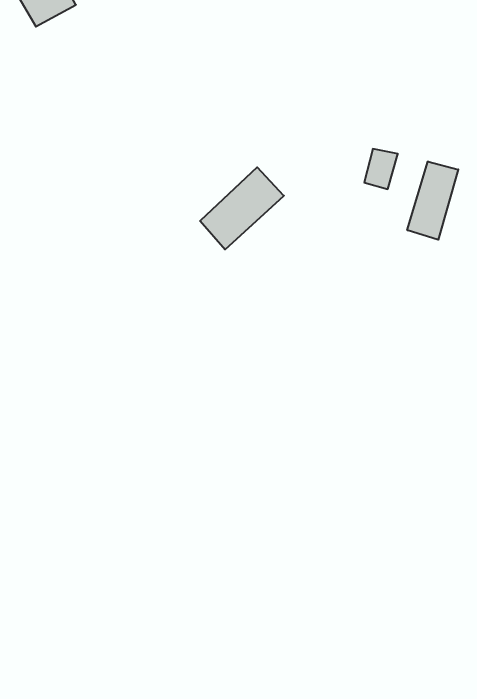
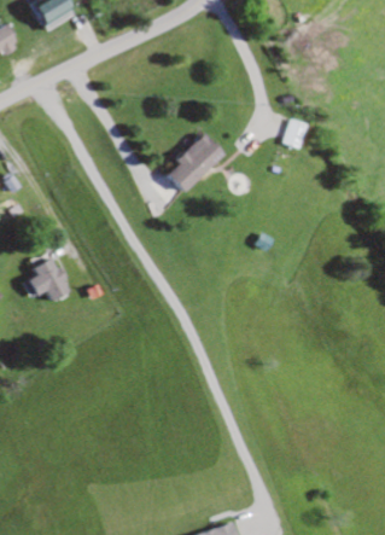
building: [407,161,458,240] -> none
building: none -> [28,256,72,300]

